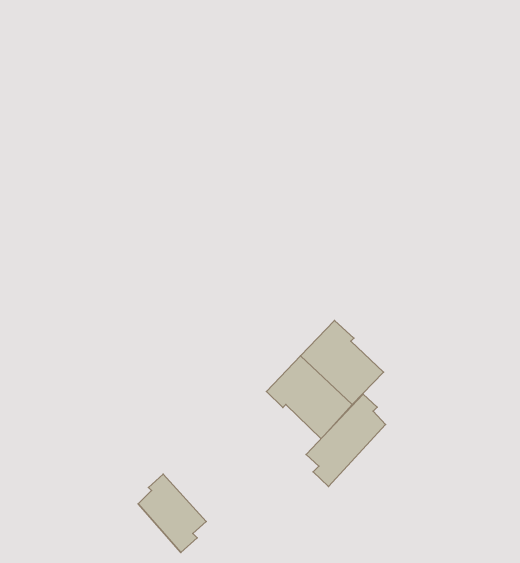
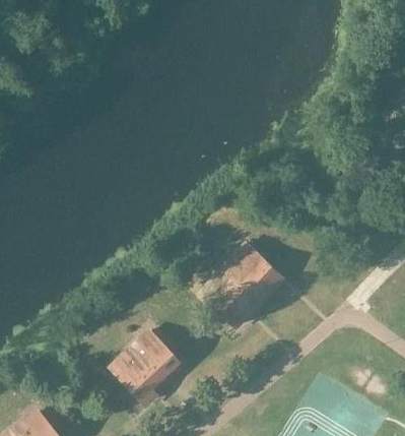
building: [306,394,385,486] -> none
building: none -> [131,329,180,380]

